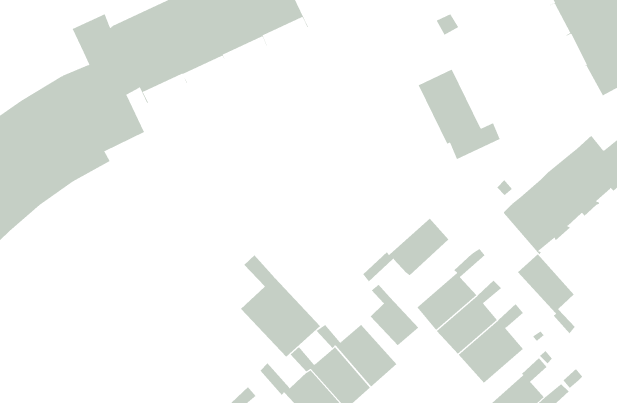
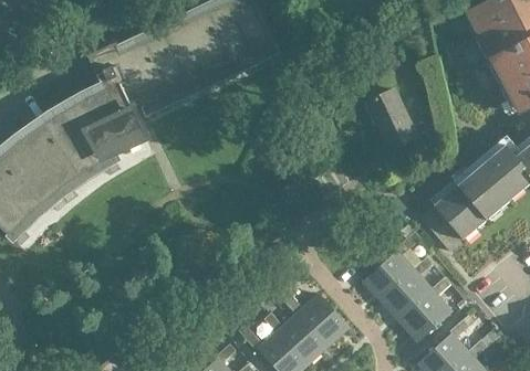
building: [363,218,449,282] -> none
building: [517,253,575,334] -> none
building: [240,254,321,358] -> none
building: [370,284,419,346] -> none

